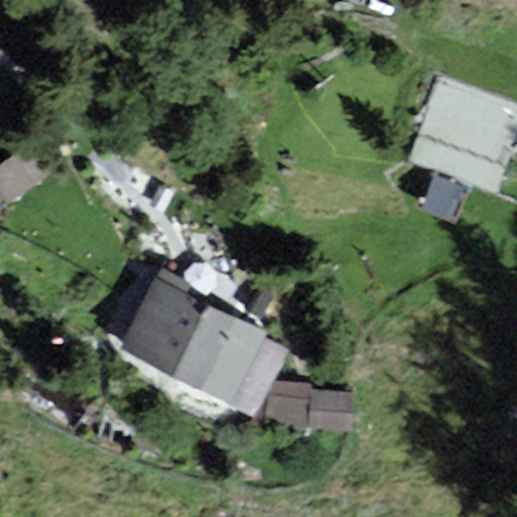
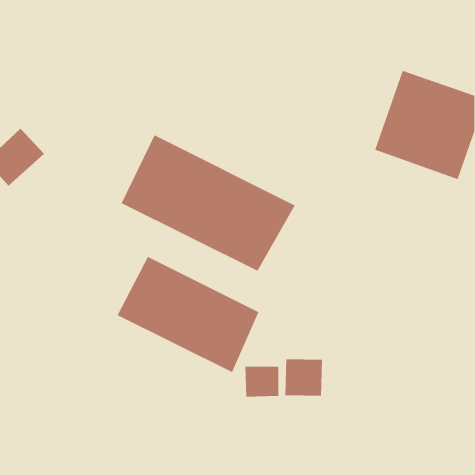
building: none -> [121,134,296,272]

